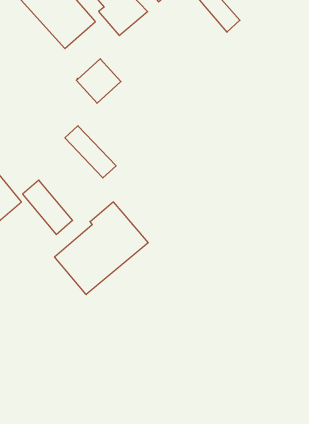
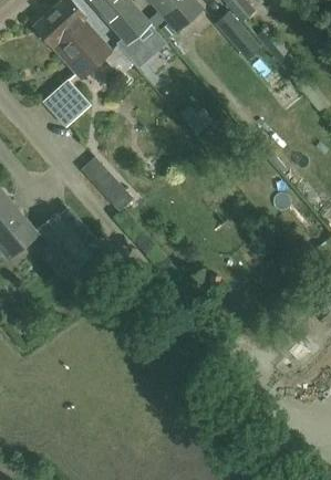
building: [76,59,121,103] -> [43,80,89,125]
building: [55,202,148,295] -> none

